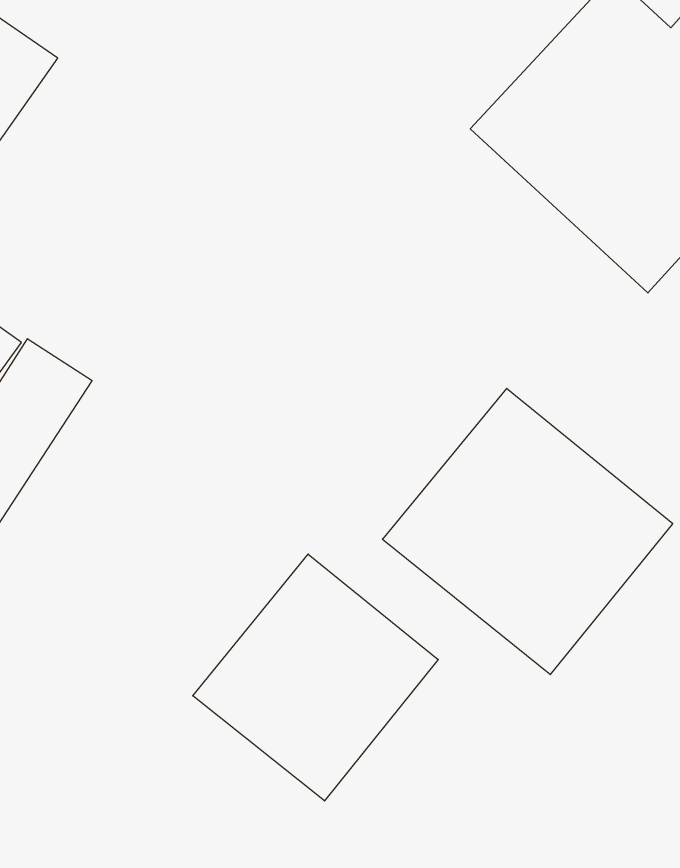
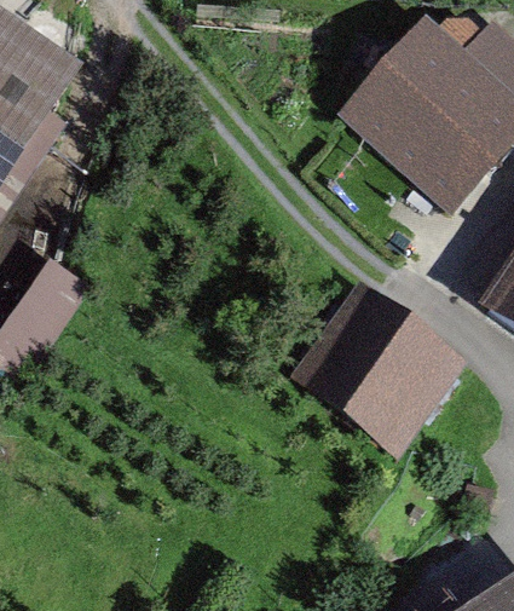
building: [193,554,438,801] -> none

